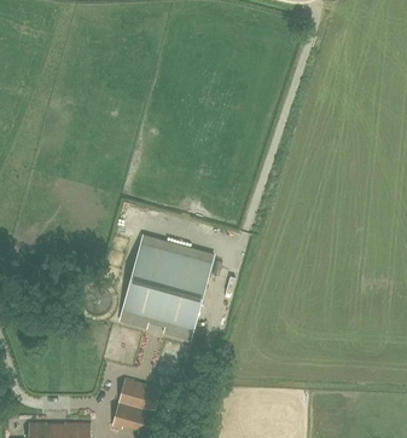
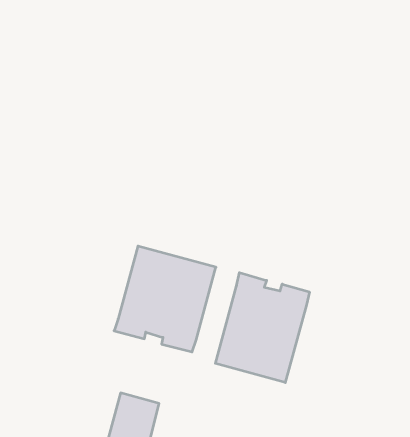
building: none -> [215,273,309,383]

